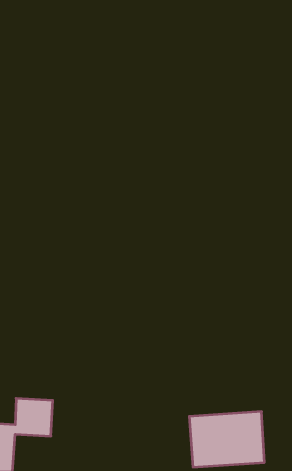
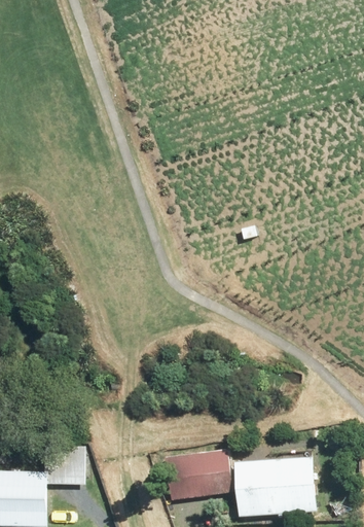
building: none -> [163,442,233,501]

